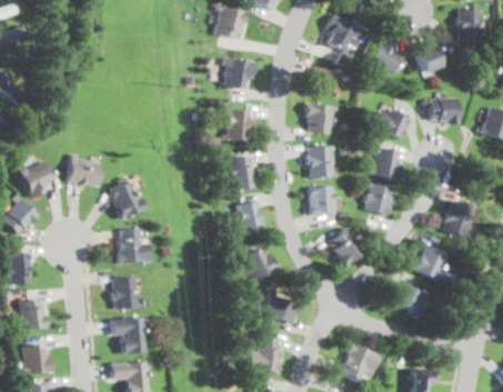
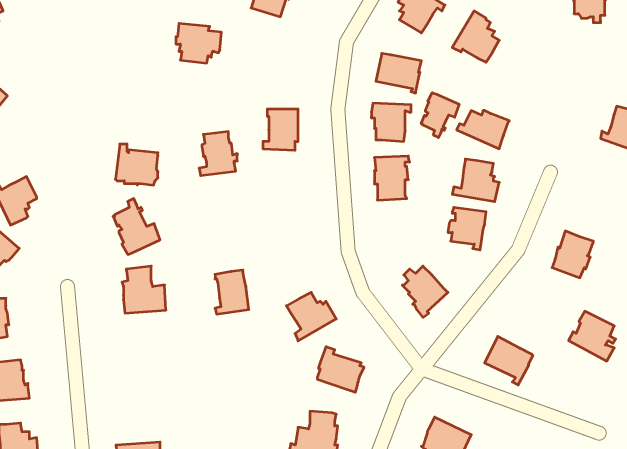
building: [414,44,441,73] -> none
building: [221,57,255,87] -> [176,23,221,63]
building: none -> [421,93,459,138]
building: [423,98,459,124] -> none
building: [69,155,101,187] -> [115,144,158,185]
building: [228,158,256,191] -> [199,132,237,176]
building: [309,188,334,217] -> none
building: [237,202,262,235] -> [215,270,249,314]
building: [412,247,447,284] -> [569,311,616,361]
building: [112,277,140,310] -> none
building: [111,319,145,354] -> none

